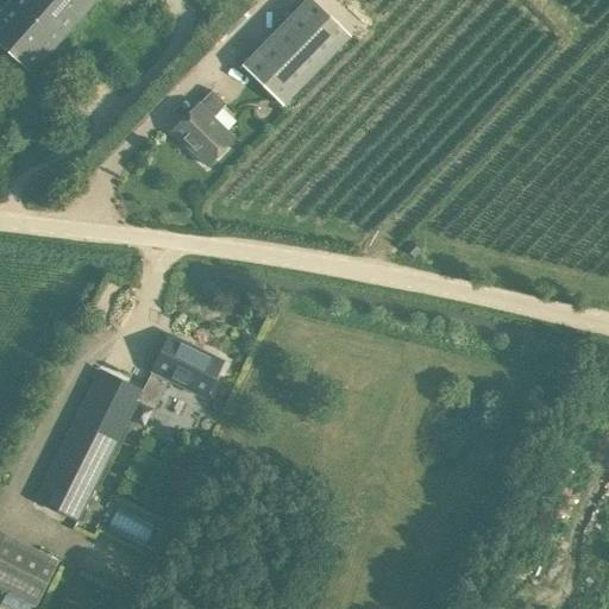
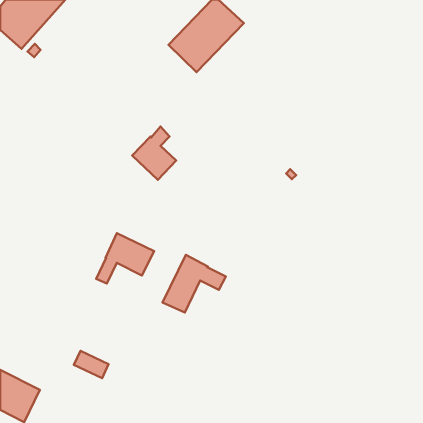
building: [171,90,234,167] -> [132,127,176,180]
building: none -> [162,255,226,313]
building: [36,370,143,519] -> none

